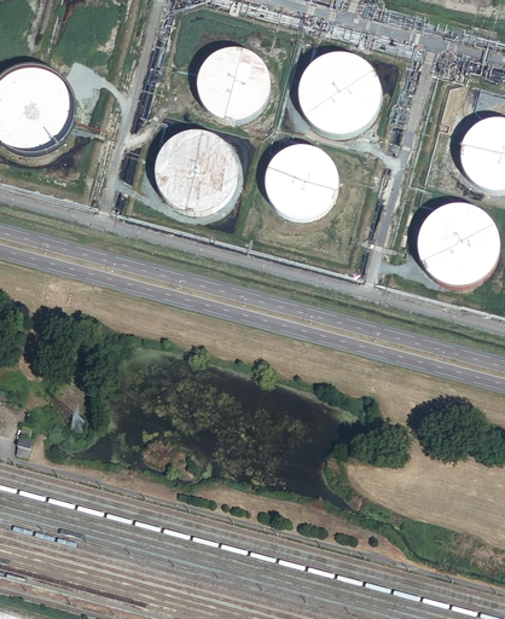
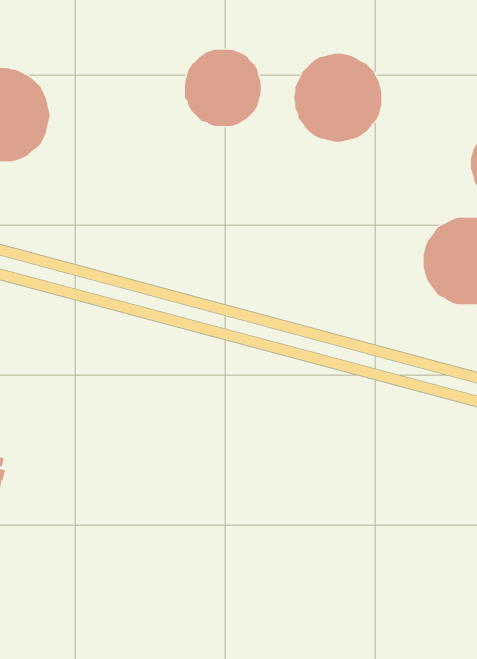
building: [153,129,236,210] -> none
building: [266,143,338,215] -> none

